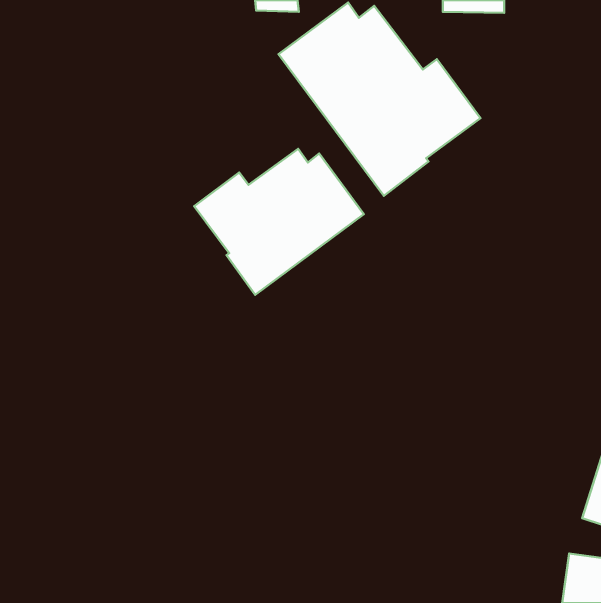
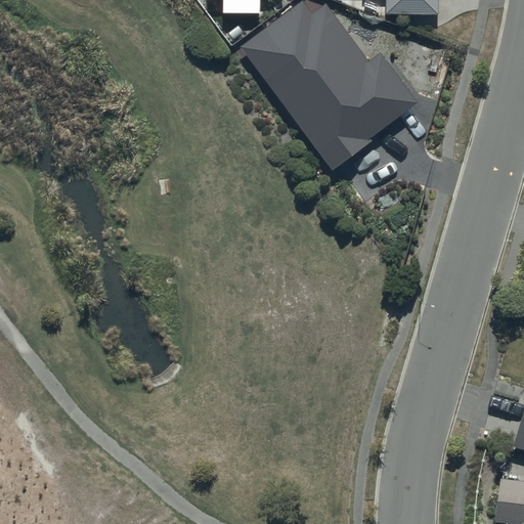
building: [194,149,364,295] -> none

